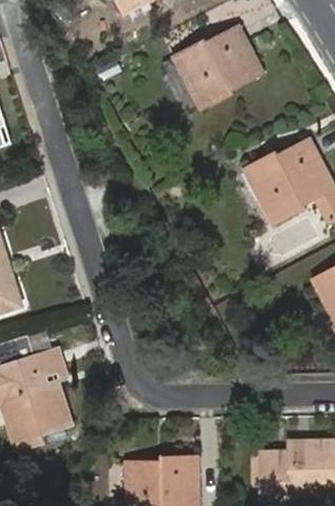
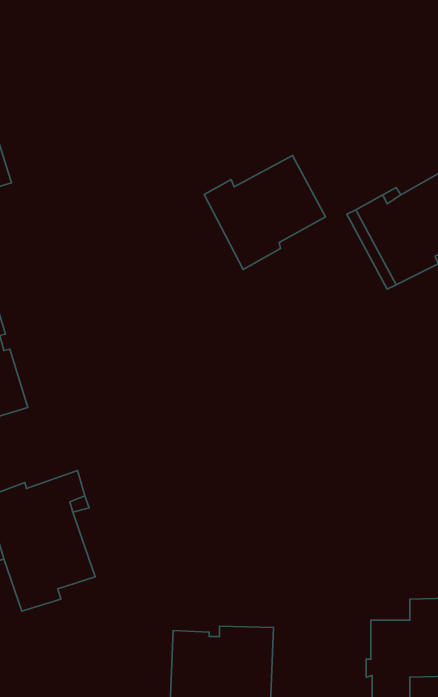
building: [174,26,258,105] -> [204,156,325,269]

